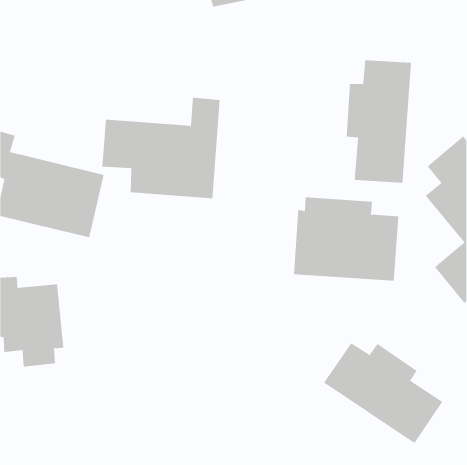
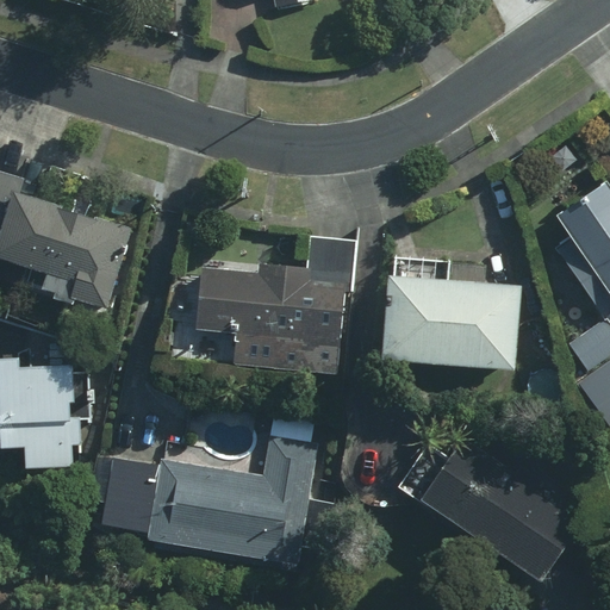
building: [346,59,411,184] -> none
building: [101,97,220,199] -> [197,238,351,371]
building: none -> [105,421,320,560]

